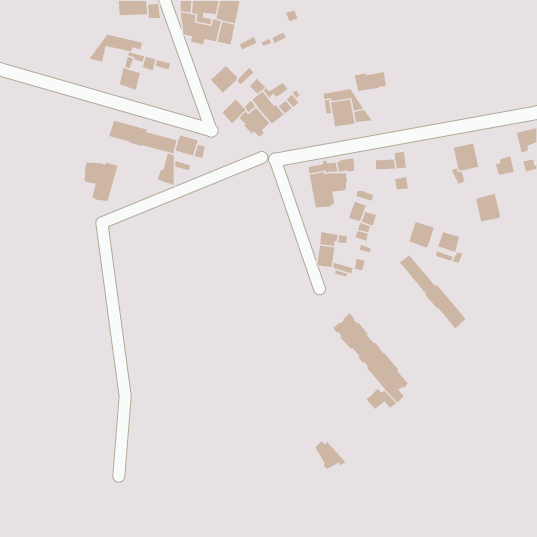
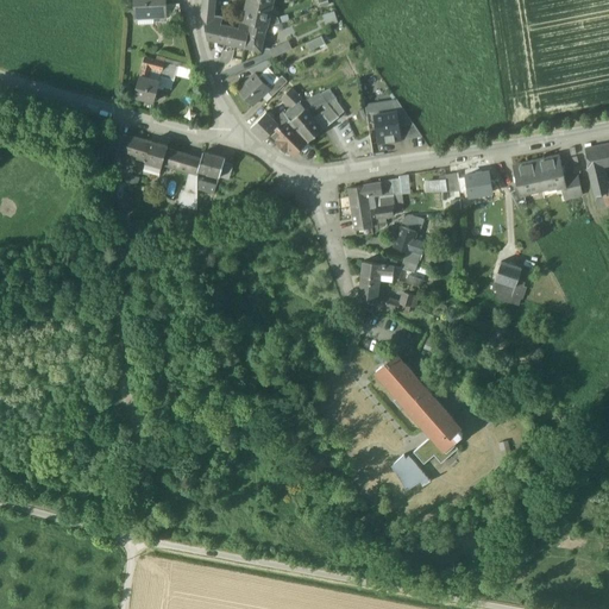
building: [88,34,143,62] -> none
building: [354,71,387,92] -> none
building: none -> [465,170,494,199]
building: [84,162,119,202] -> none
building: [475,193,500,222] -> [536,156,565,189]
building: [408,221,435,249] -> none
building: [398,254,467,329] -> none
building: [314,439,347,470] -> [394,454,431,489]

